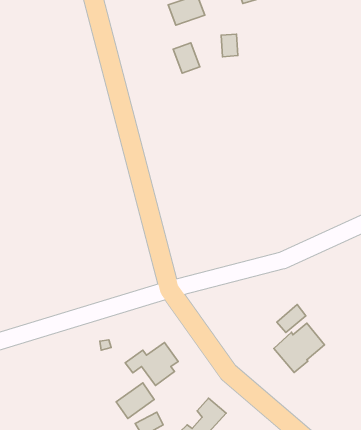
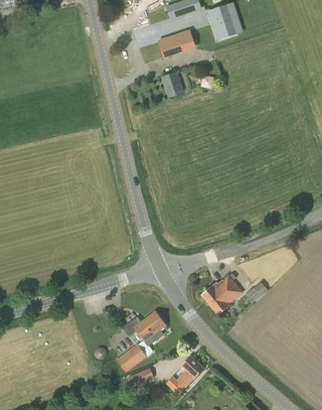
building: [274,323,324,373] -> [202,274,243,313]

